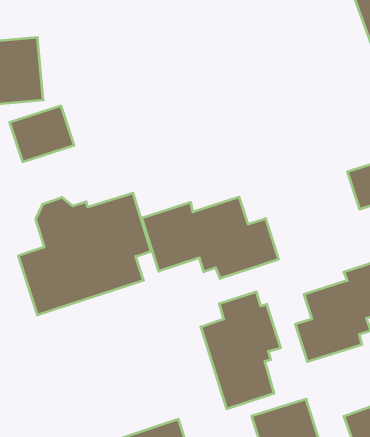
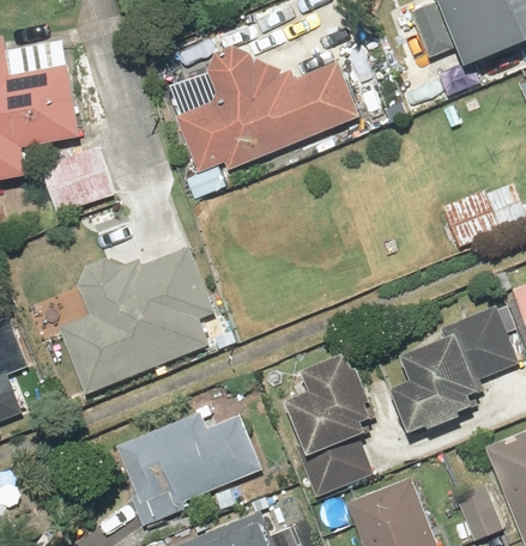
building: none -> [176,49,361,174]
building: [142,197,278,279] -> none
building: none -> [117,412,259,527]

